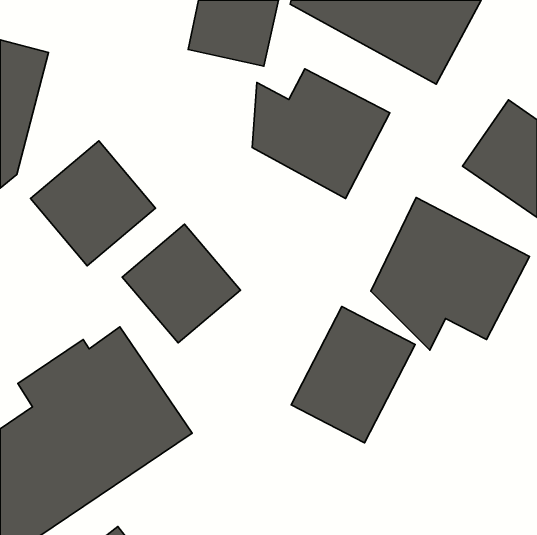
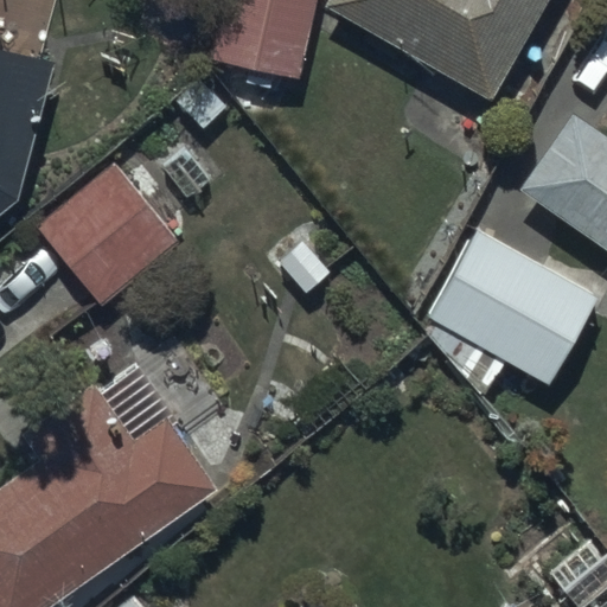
building: [252,69,390,198] -> none
building: [122,224,240,343] -> none
building: [291,306,415,443] -> none

